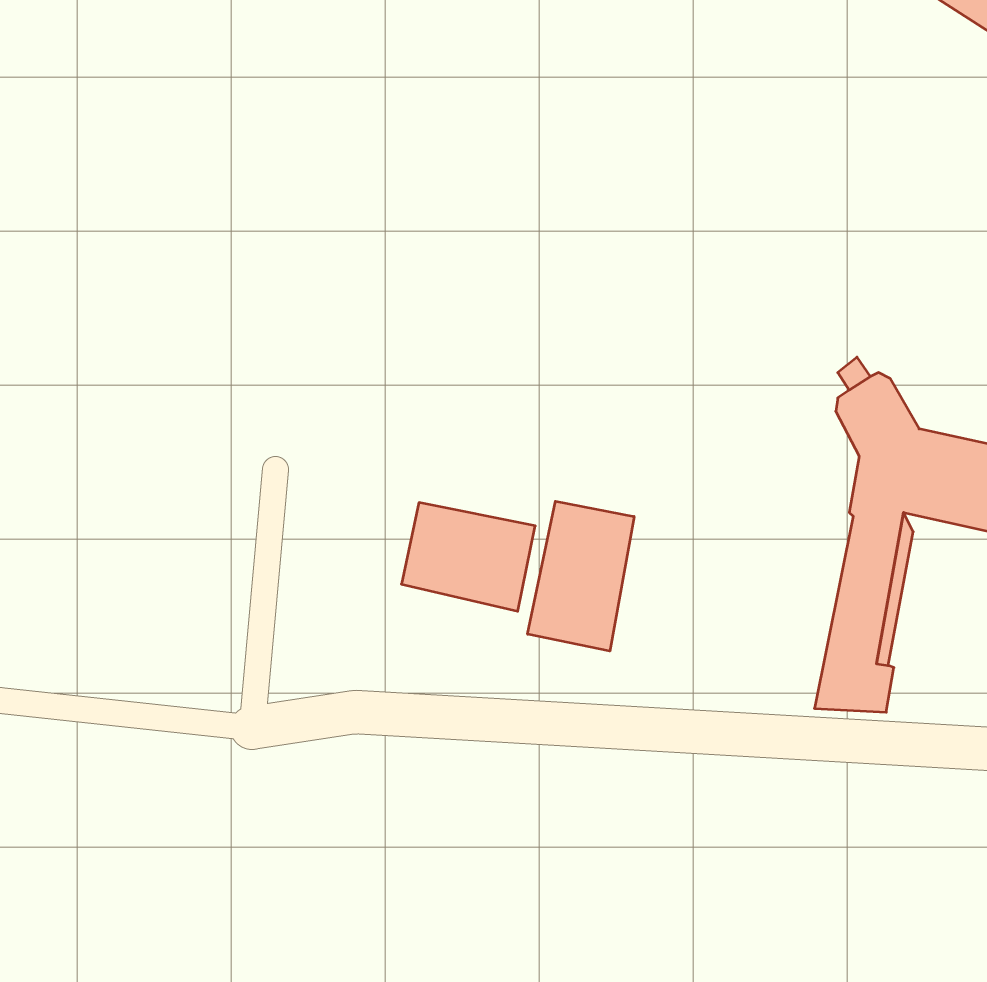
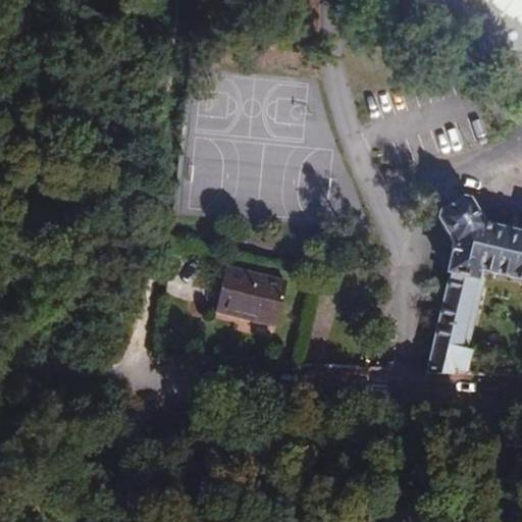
building: [528,501,634,651] -> none

